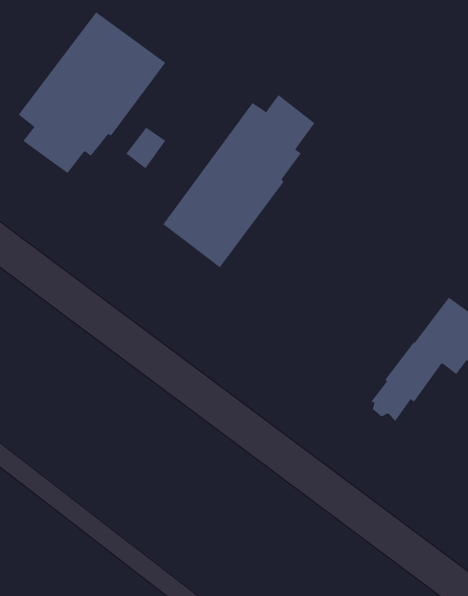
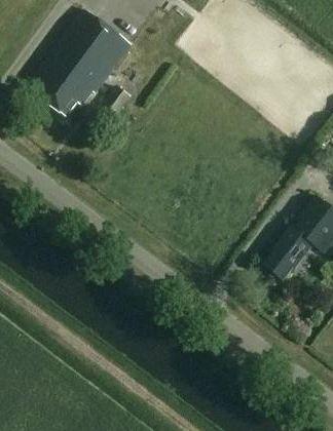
building: [162,94,315,268] -> none

